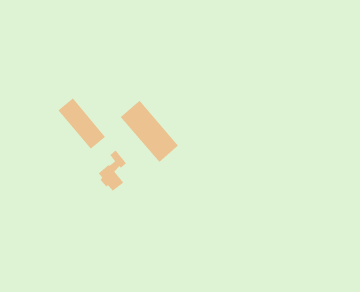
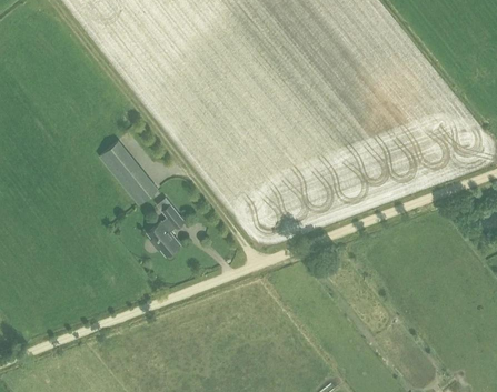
building: [120,100,179,163] -> none

